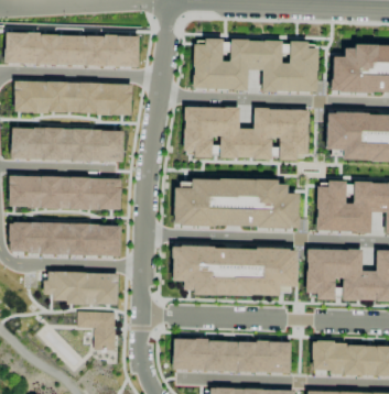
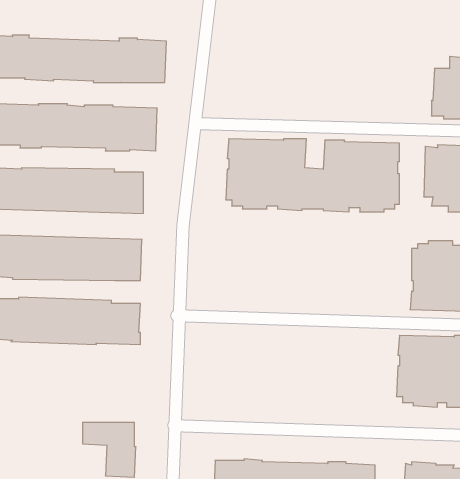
building: [193,39,320,91] -> none
building: [174,177,300,228] -> none
building: [173,245,299,296] -> none
building: [43,271,120,305] -> none

